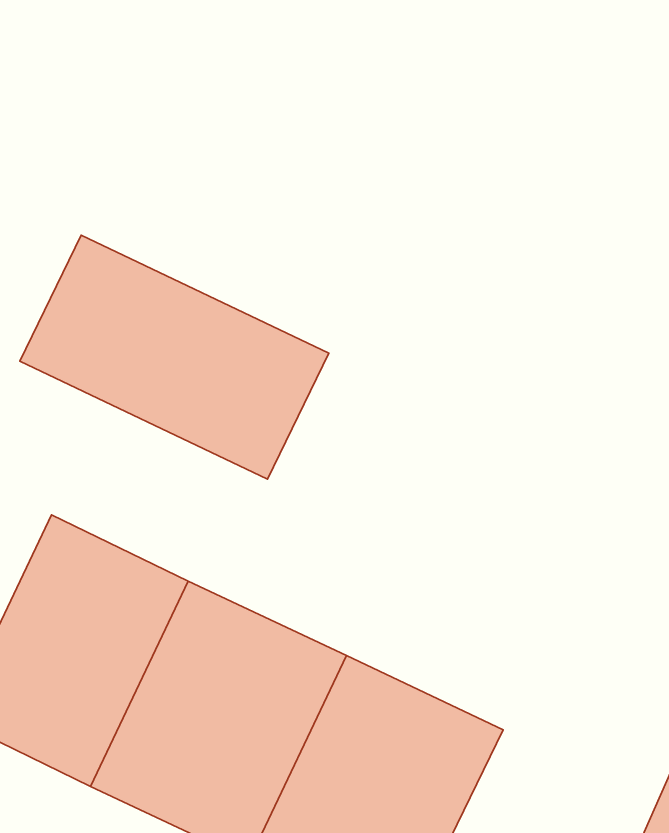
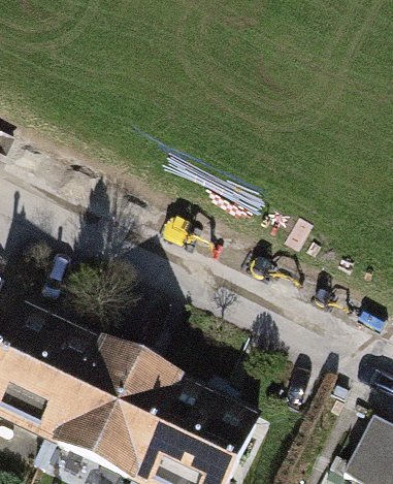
building: [20,235,329,479] -> none

